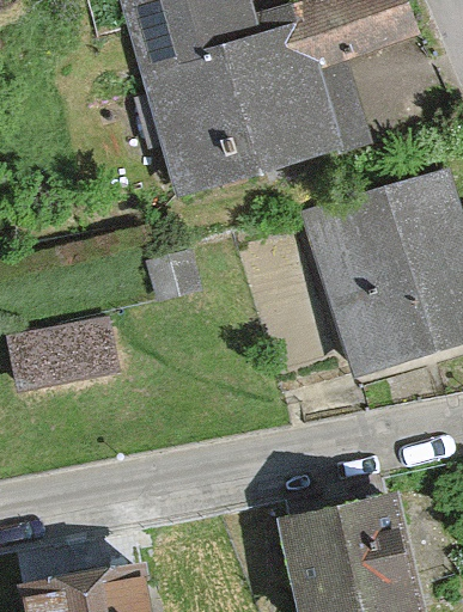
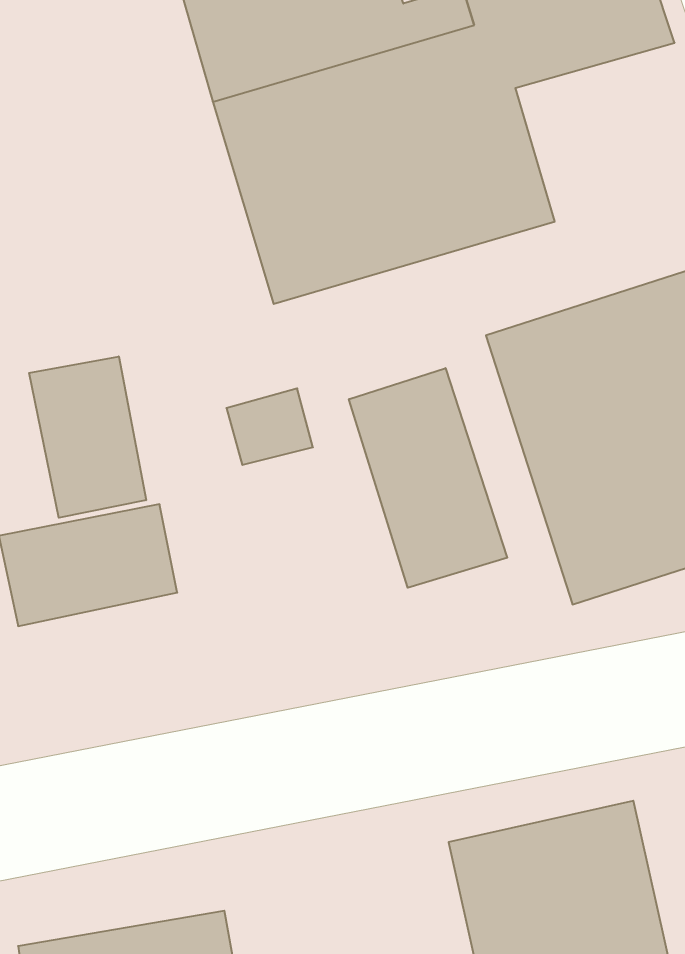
building: none -> [29,356,146,518]
building: none -> [349,368,507,588]

